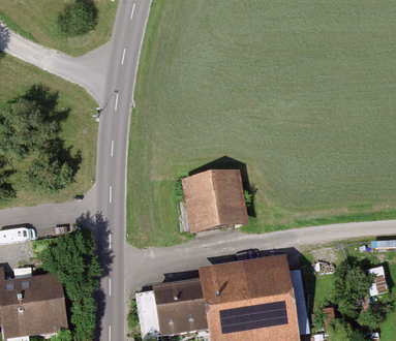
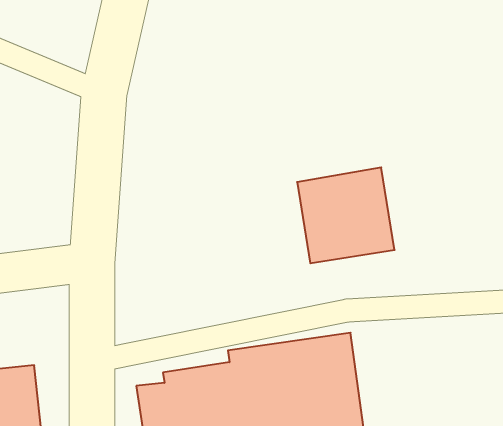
building: [180,169,248,237] -> [297,167,395,263]

